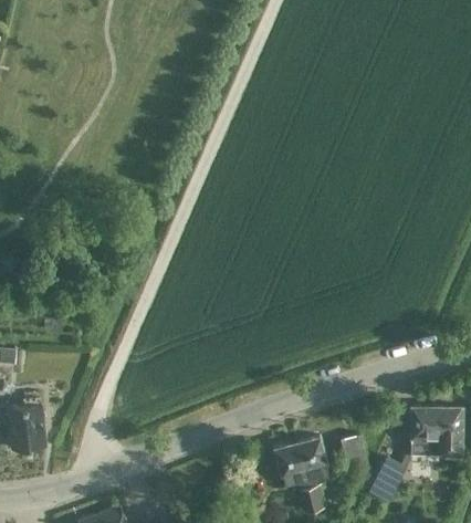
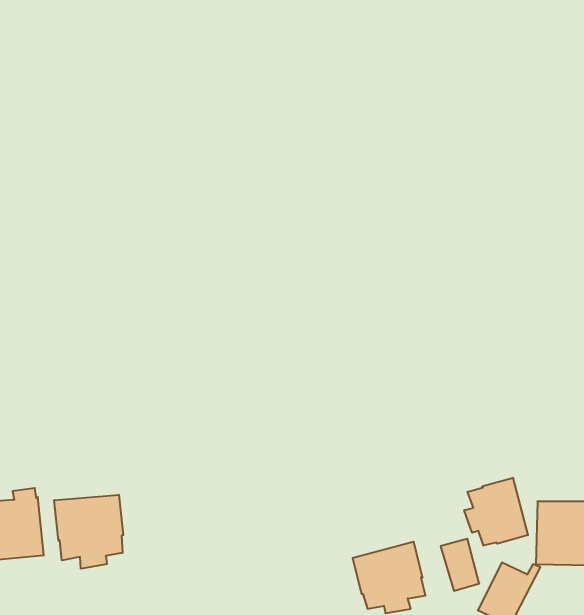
building: none -> [464,478,528,546]
building: none -> [54,495,123,569]

